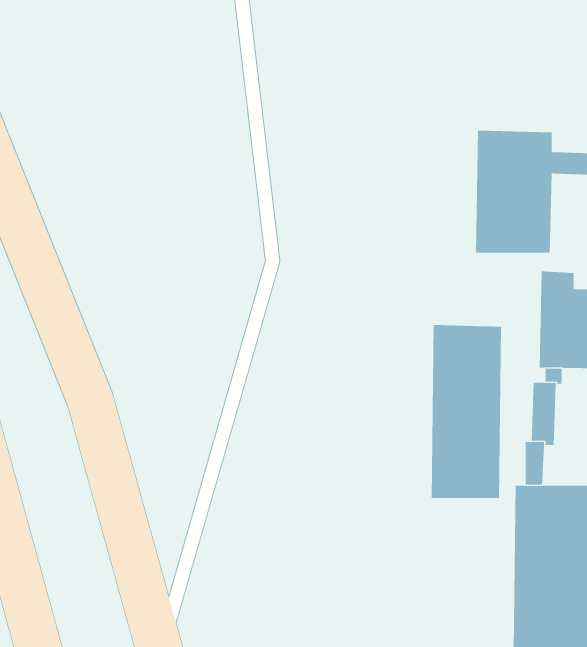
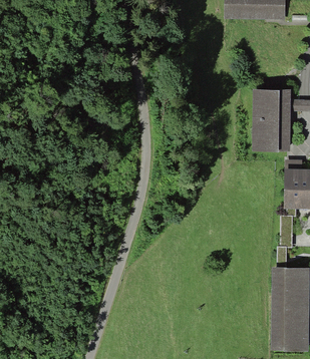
building: [431,324,501,499] -> none

